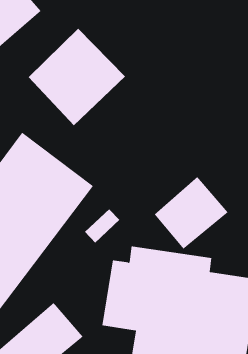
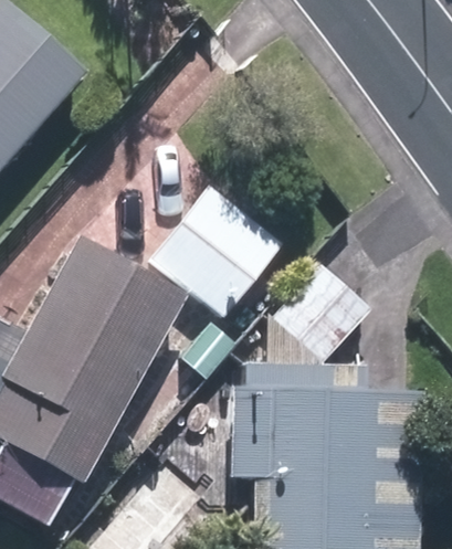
building: [28,28,126,126] -> [154,184,283,315]

